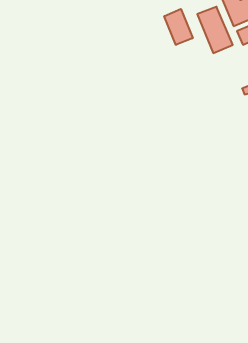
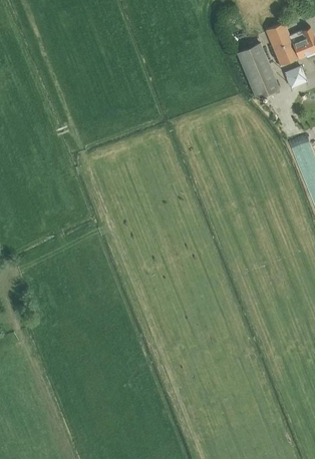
building: [164,9,193,45] -> none

